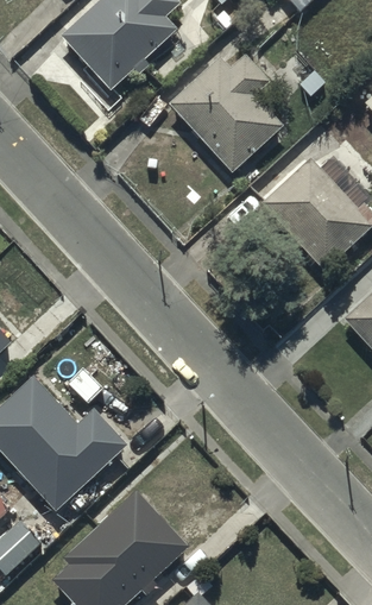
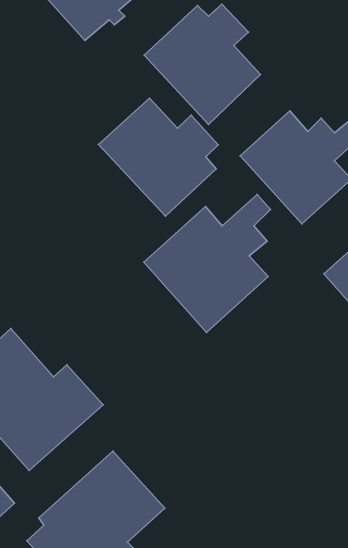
building: none -> [99,98,218,216]
building: none -> [144,194,271,332]

